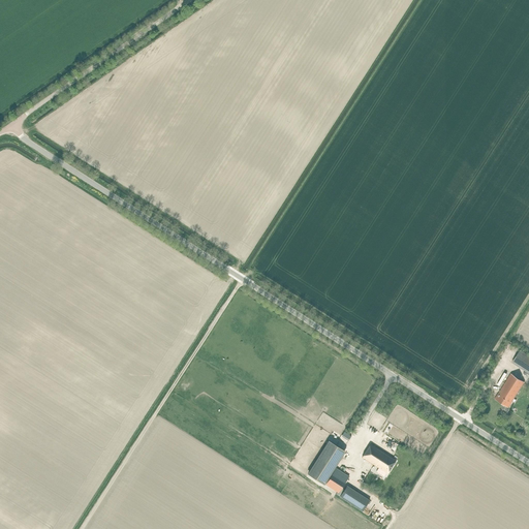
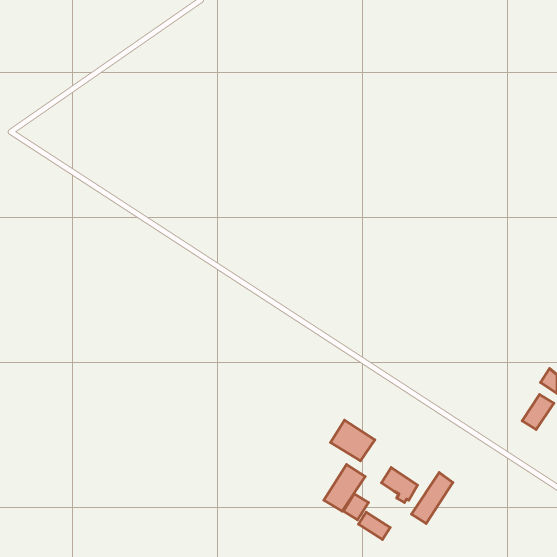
building: none -> [330,420,375,461]
building: none -> [412,473,453,523]

